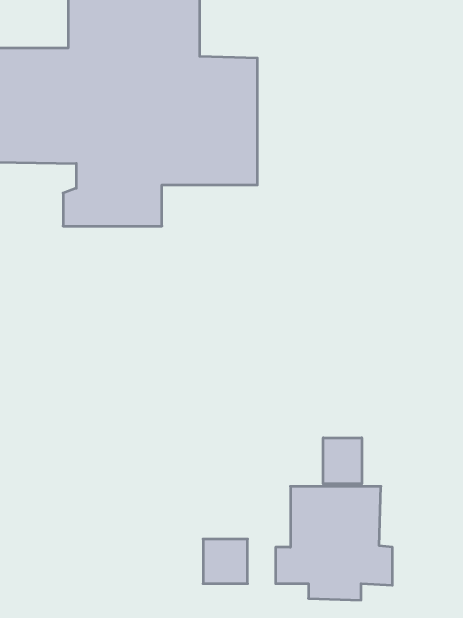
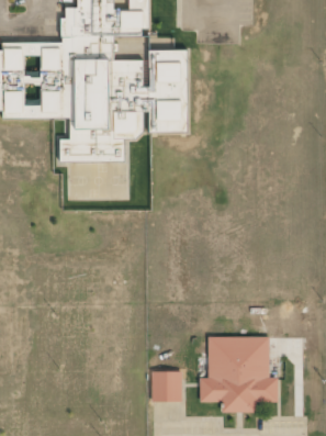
building: [323,438,362,484] -> none

